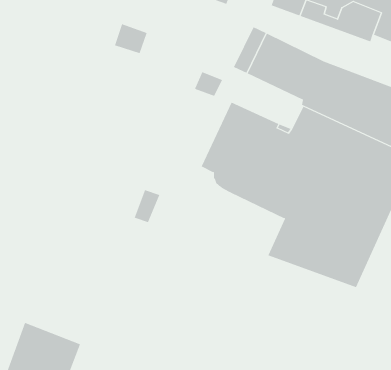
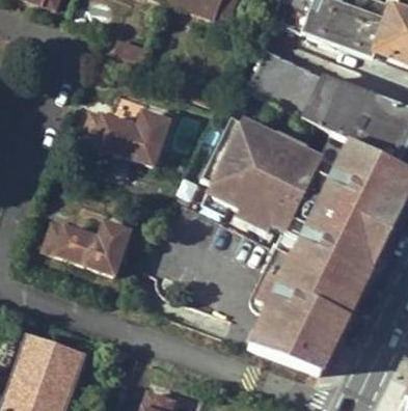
building: none -> [84,112,169,166]
building: none -> [44,222,130,276]
building: none -> [254,272,357,377]

